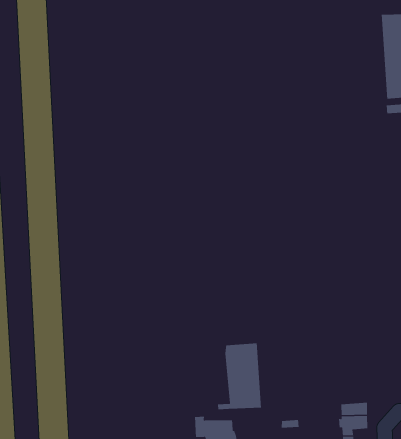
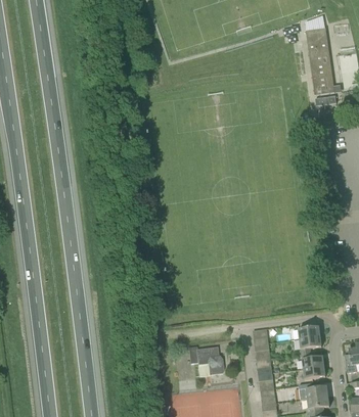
building: [217,343,262,410] -> none

